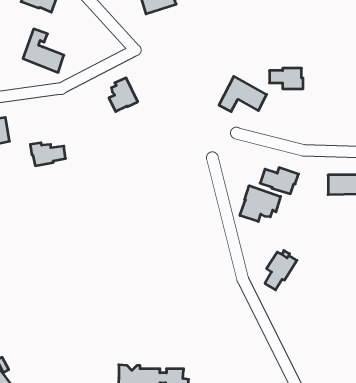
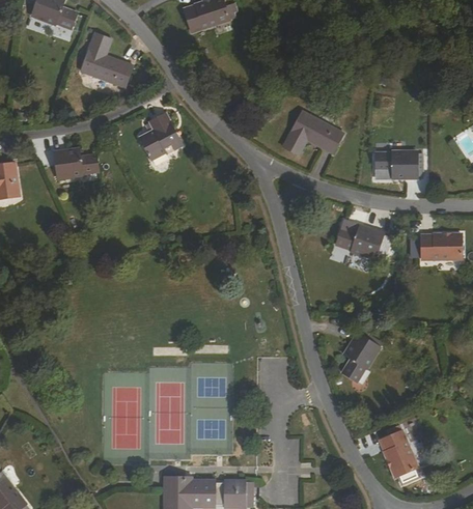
building: [23,29,64,72] -> [81,33,133,88]
building: [269,68,303,89] -> [375,152,418,178]
building: [30,143,66,166] -> [52,150,96,179]
building: [240,186,281,222] -> none
building: none -> [380,431,417,477]

